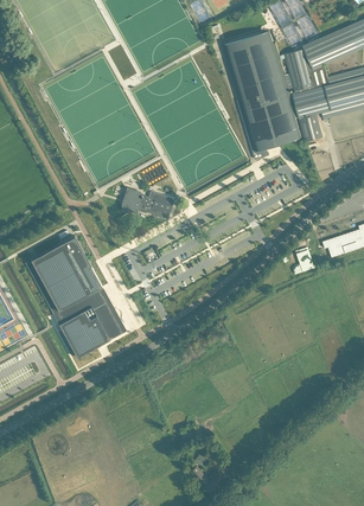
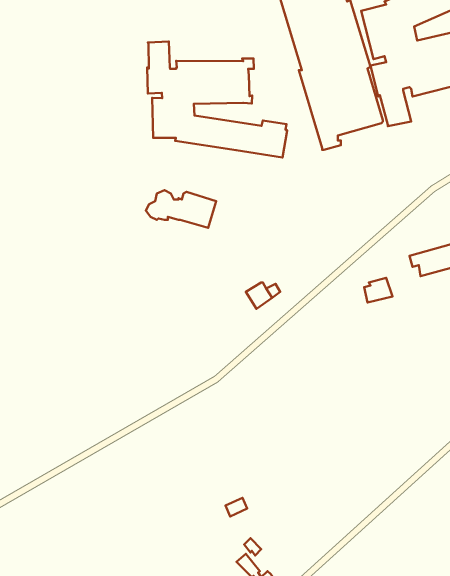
building: none -> [147,42,287,158]
building: [24,236,126,357] -> none

